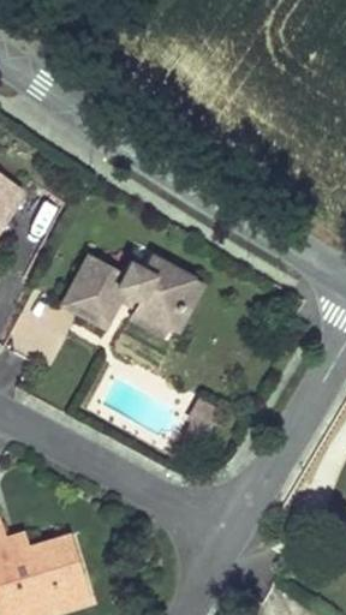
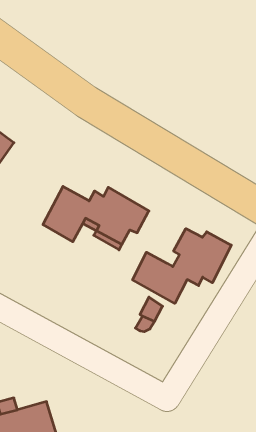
building: none -> [133,229,231,303]

